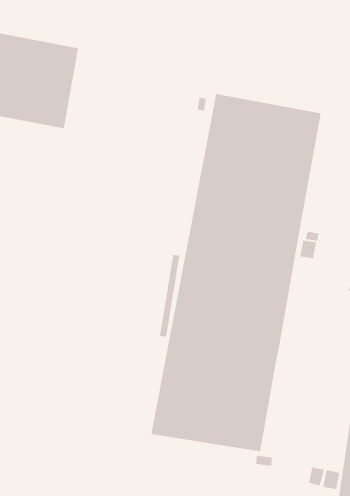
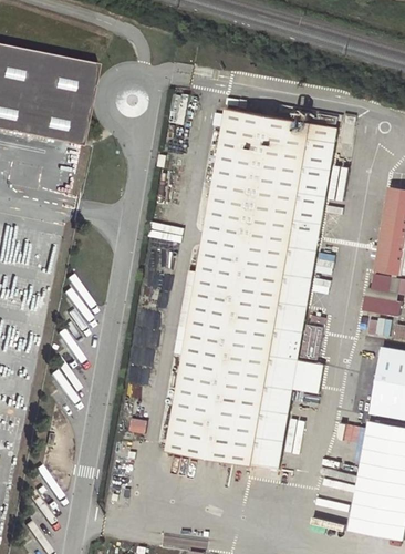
building: none -> [290,359,322,392]

